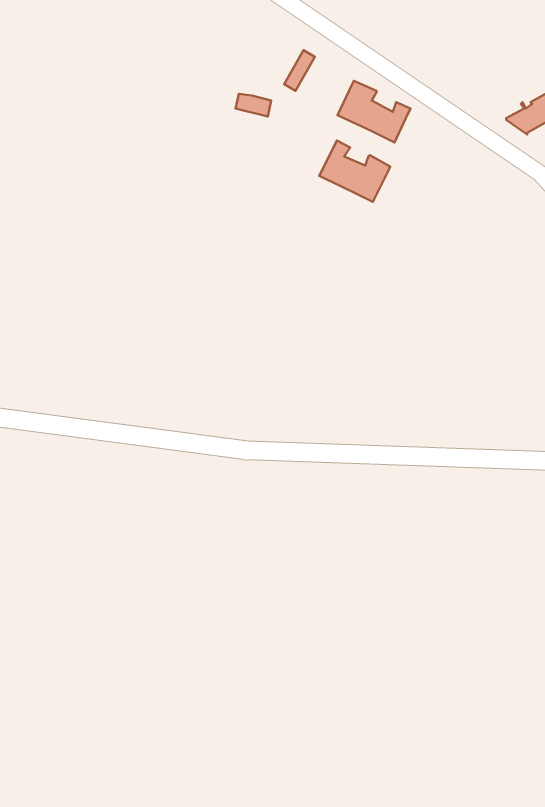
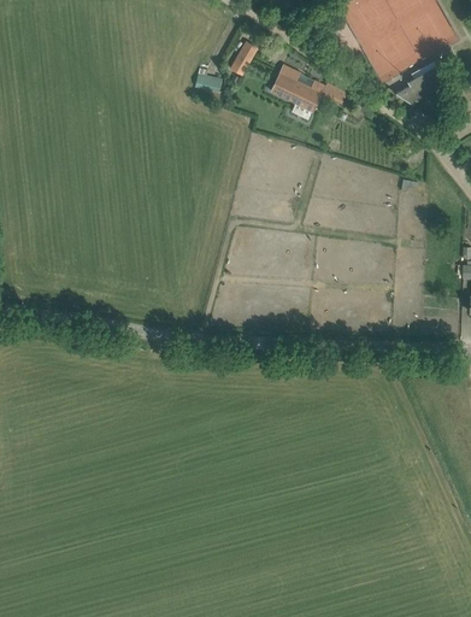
building: [319,140,390,202] -> none

